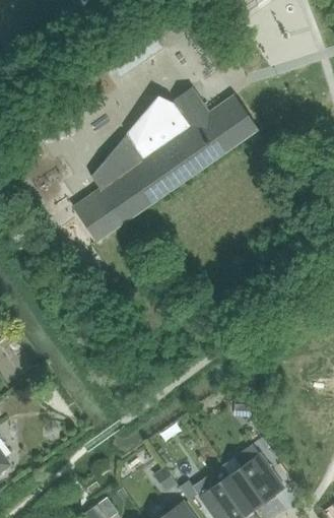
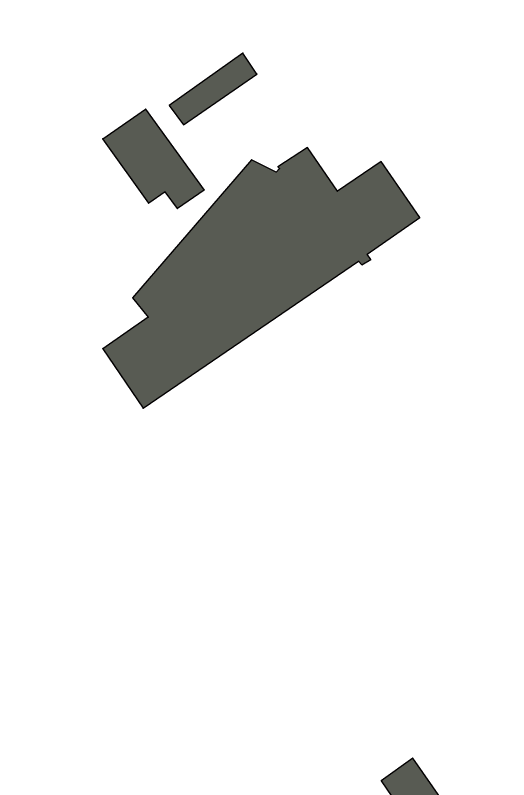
building: none -> [103,109,204,209]

